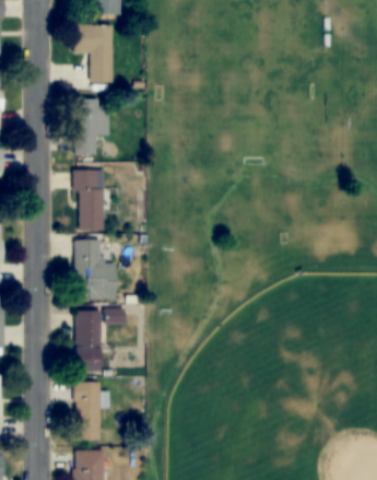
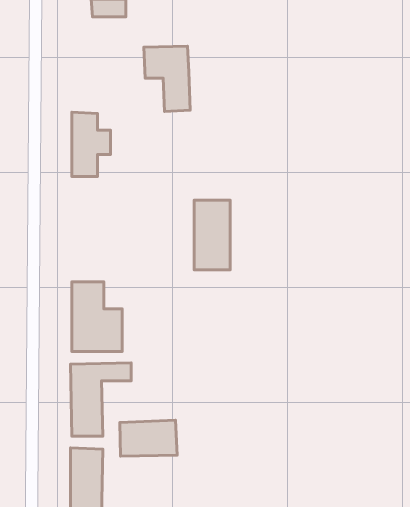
building: [73,22,113,78] -> [144,46,190,112]
building: [74,172,105,231] -> [194,200,230,270]
building: none -> [120,420,177,456]

